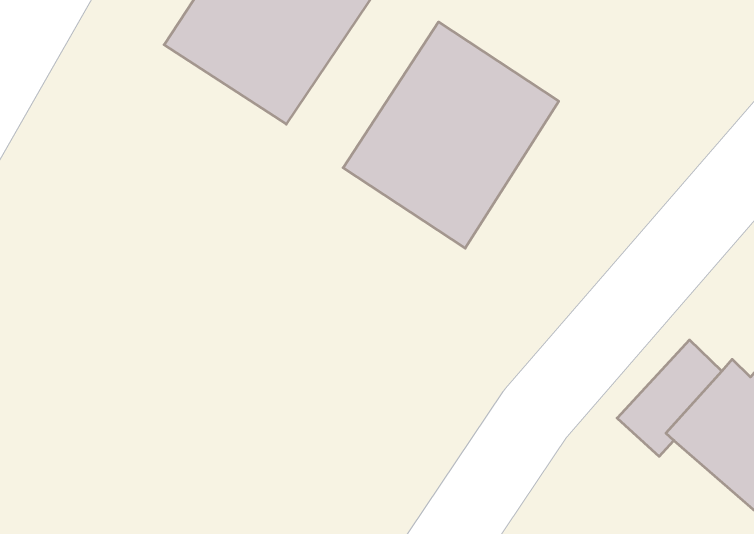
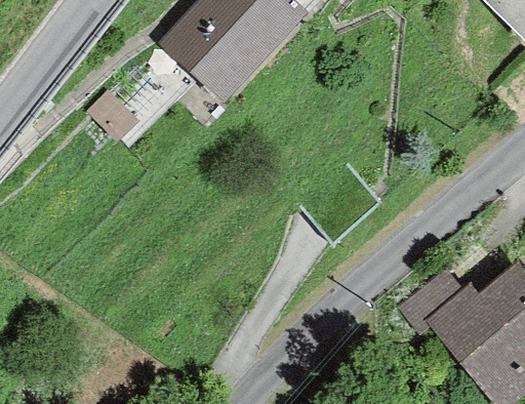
building: [343,22,559,248] -> none

